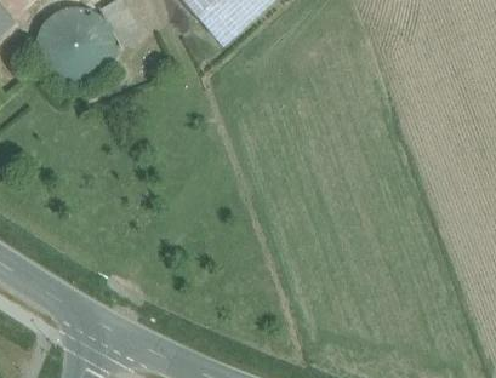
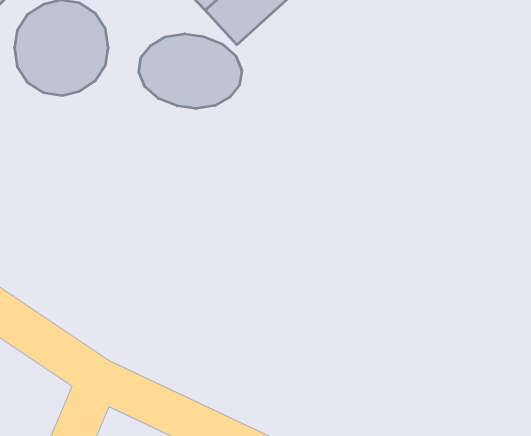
building: none -> [139,34,242,109]

